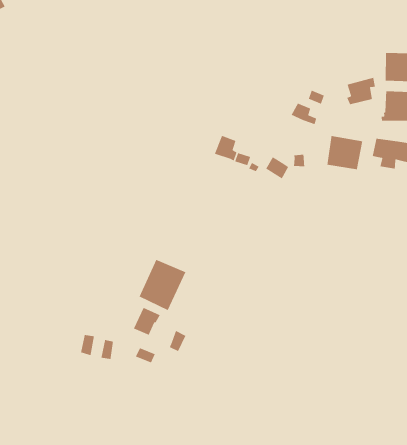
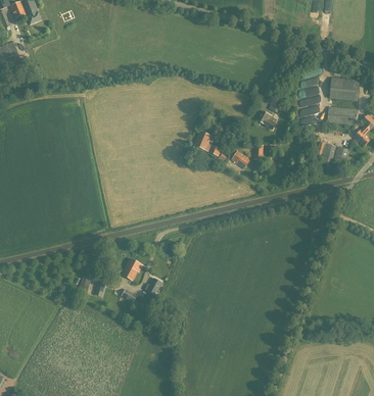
building: [326,135,363,170] -> none
building: [138,259,187,311] -> none

